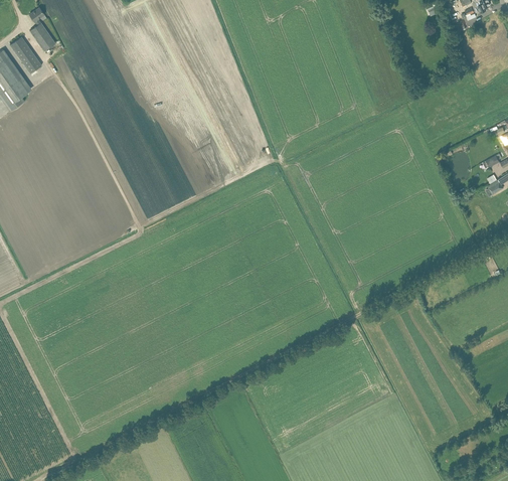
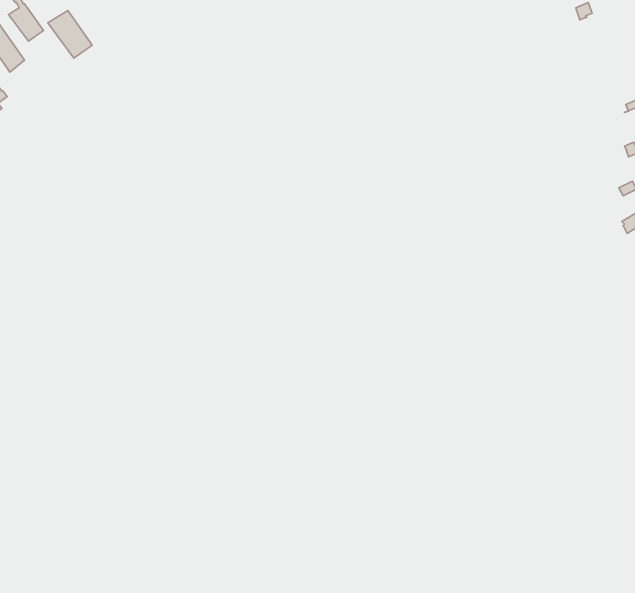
building: none -> [48,10,92,58]

